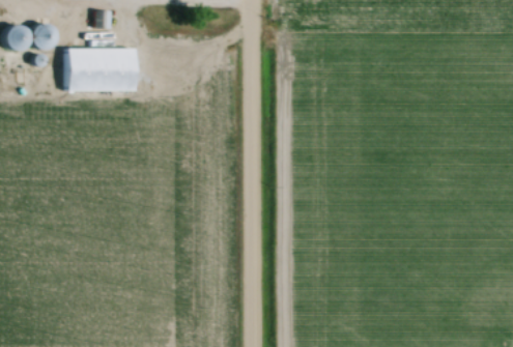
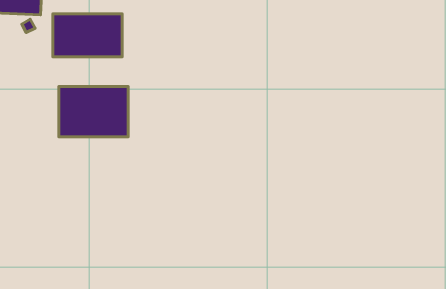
building: none -> [59,86,128,137]

